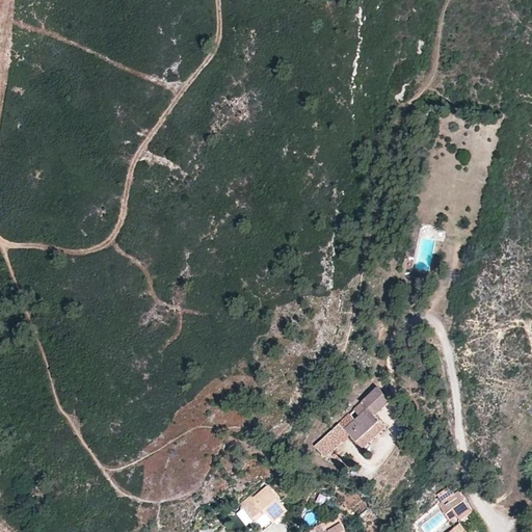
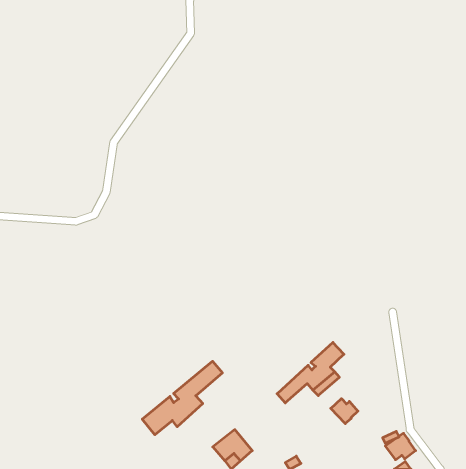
building: none -> [142,361,222,435]
building: none -> [331,399,358,424]

